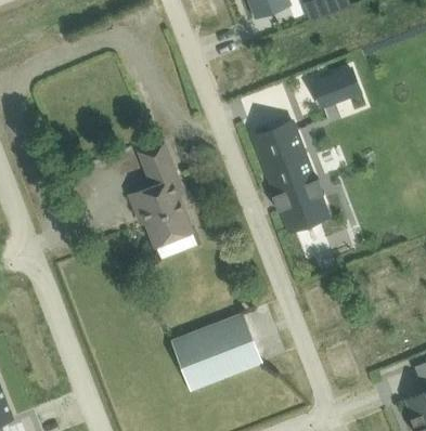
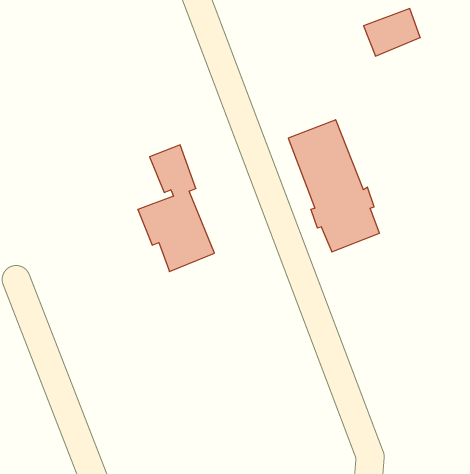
building: [312,69,359,108] -> [364,9,420,56]
building: [172,314,261,390] -> none

